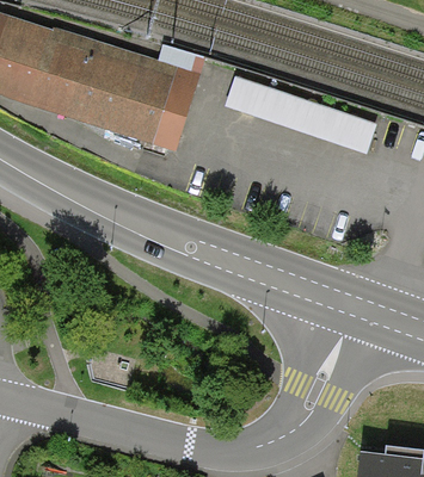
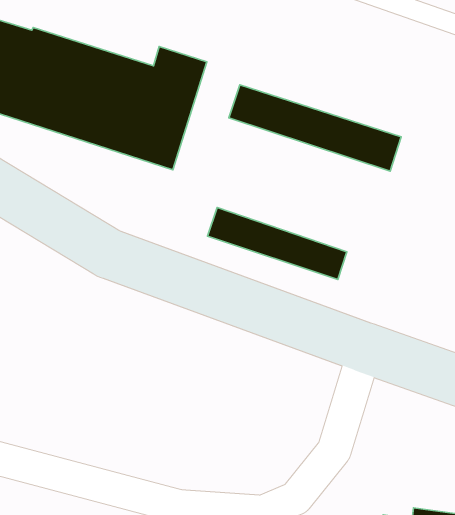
building: none -> [207,208,347,279]

